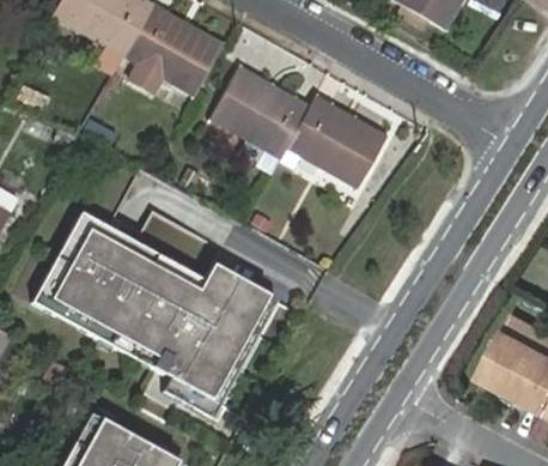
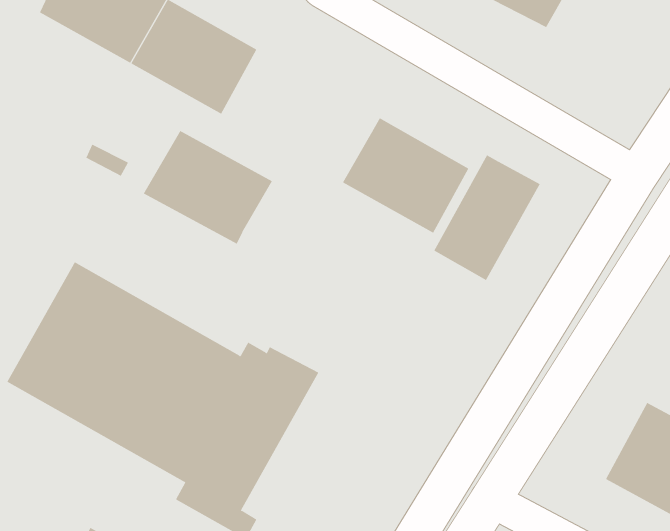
building: [211,71,311,159] -> [143,130,273,245]
building: none -> [434,155,540,281]

